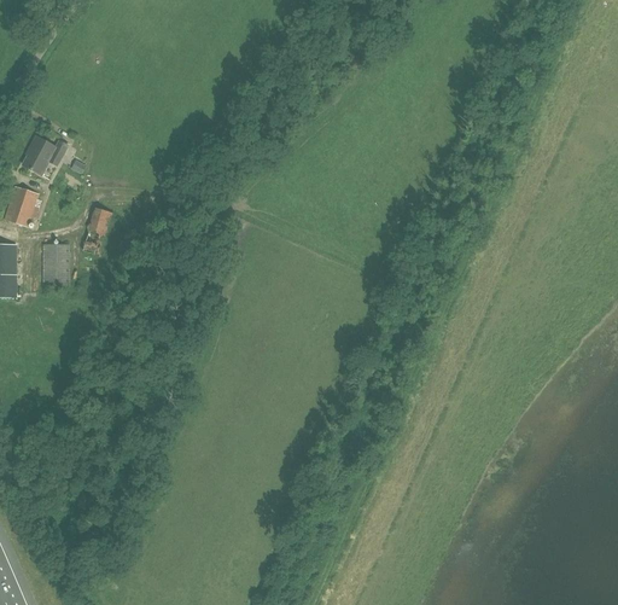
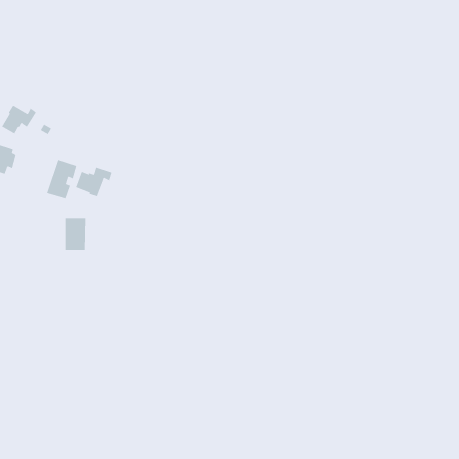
building: none -> [75,167,112,197]
building: [42,244,70,286] -> [65,218,86,251]

